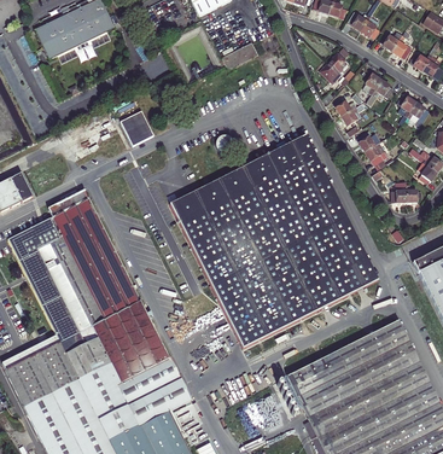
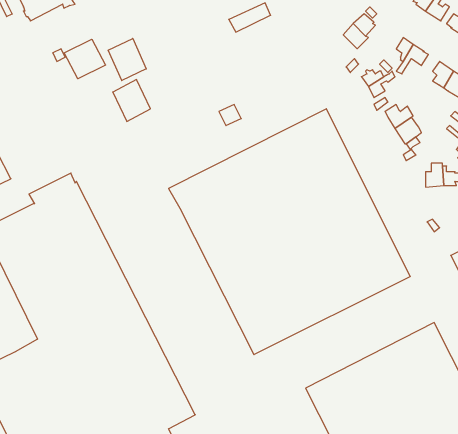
building: none -> [108,38,146,81]
building: none -> [64,39,106,79]

